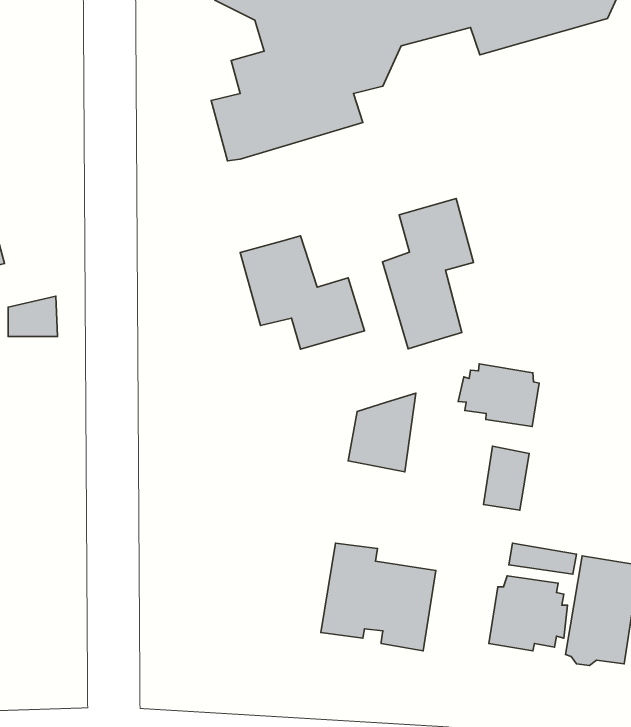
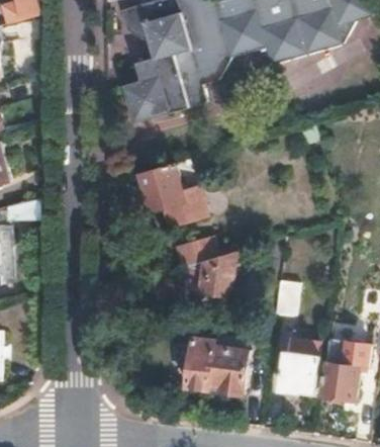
building: [383,198,473,349] -> none
building: [458,364,539,426] -> none
building: none -> [177,236,220,267]

